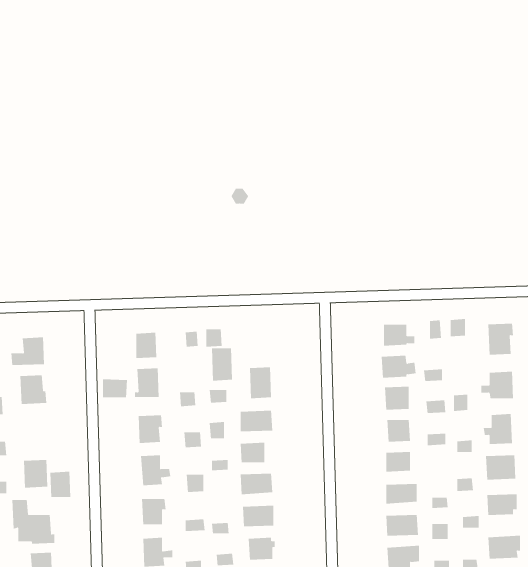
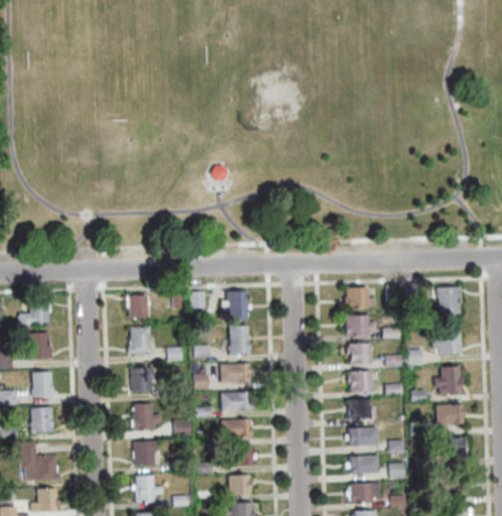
building: [211,348,233,381] -> [228,291,247,320]
building: [102,379,128,398] -> none
building: [49,471,71,498] -> [32,372,51,395]

